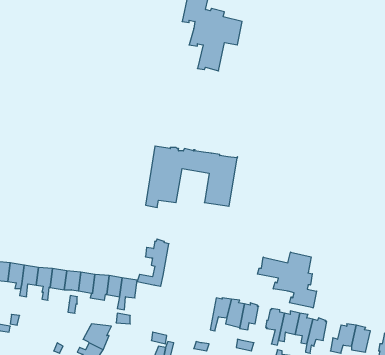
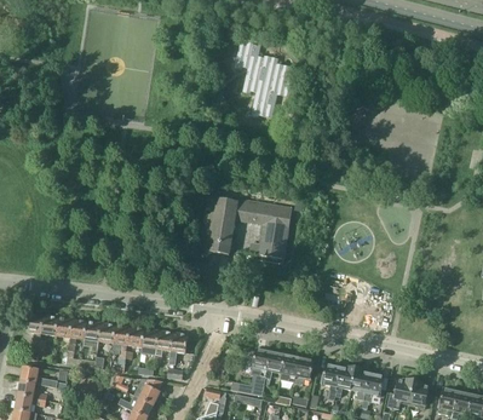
building: [137,239,169,286] -> [237,346,270,395]
building: [257,252,317,308] -> none

